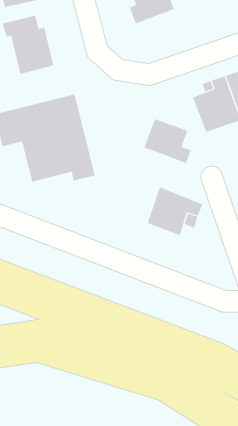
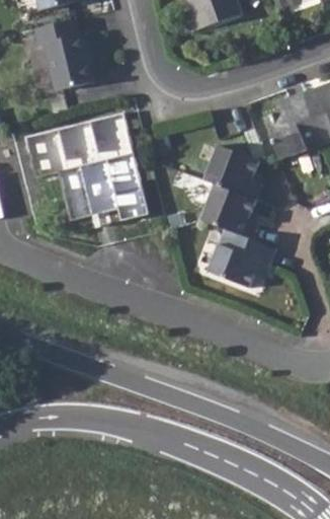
building: none -> [201,181,260,237]

